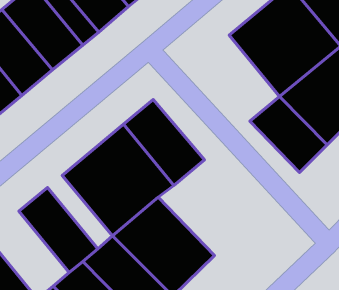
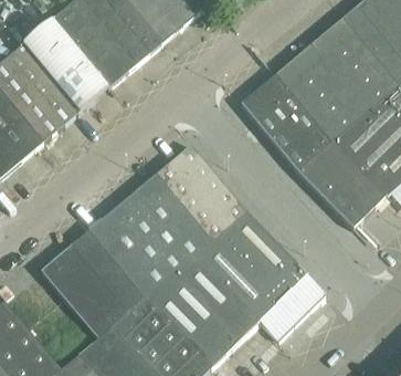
building: none -> [241,74,331,170]
building: none -> [196,213,326,340]
building: none -> [72,231,145,313]

